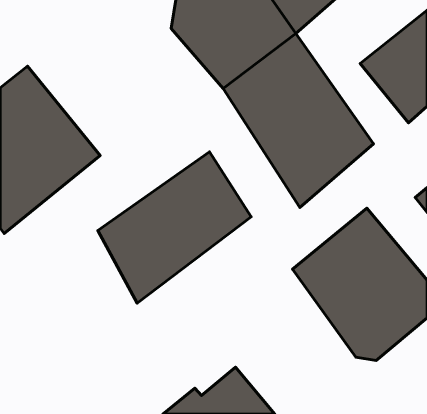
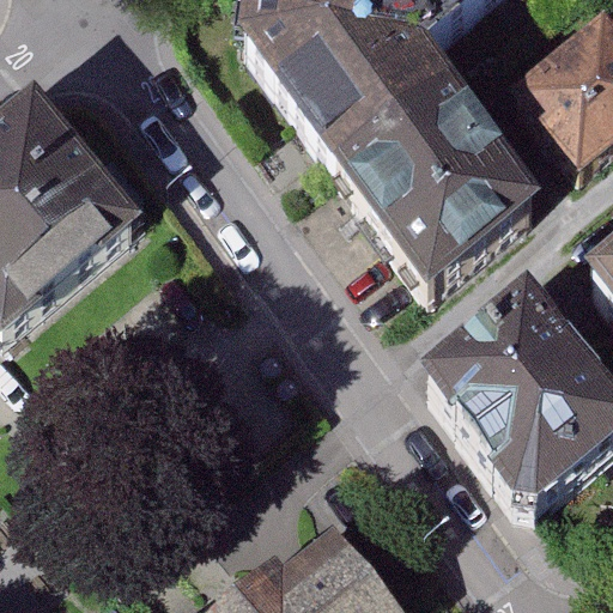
building: [98,152,251,303] -> none

